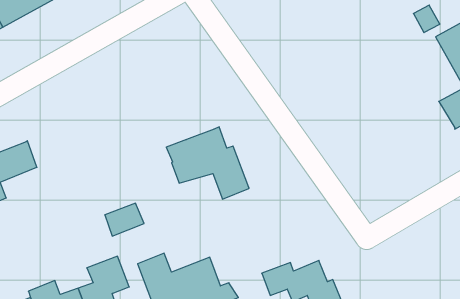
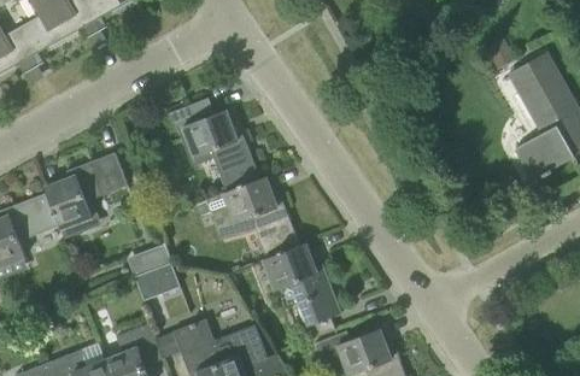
building: none -> [168,98,259,192]
building: none -> [45,153,127,231]
building: none -> [128,243,171,276]
building: none -> [263,245,339,339]

